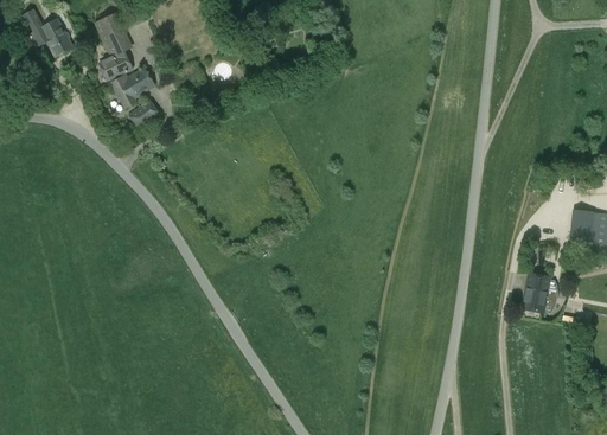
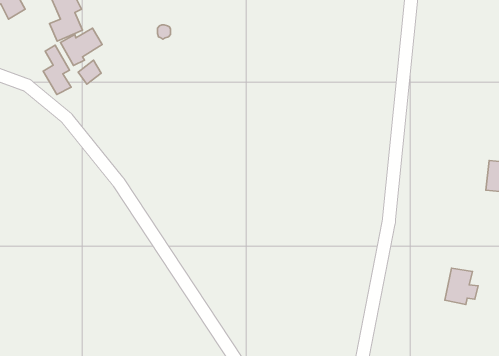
building: none -> [43,45,71,95]
building: [520,274,556,313] -> [445,268,478,305]

